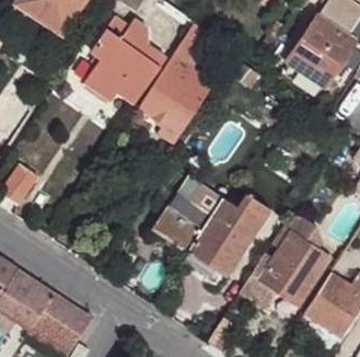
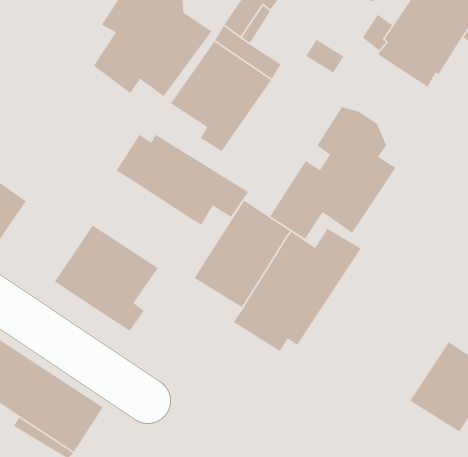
building: none -> [116,134,249,226]
building: none -> [54,225,159,332]
building: [241,215,329,308] -> [269,106,397,240]

